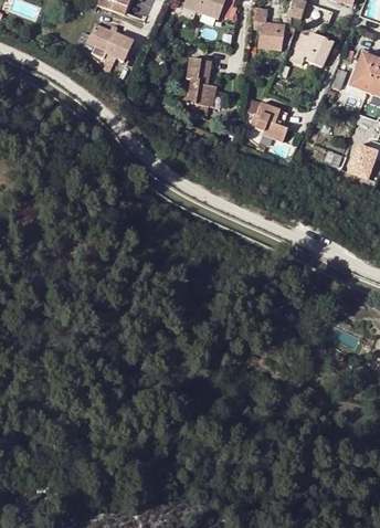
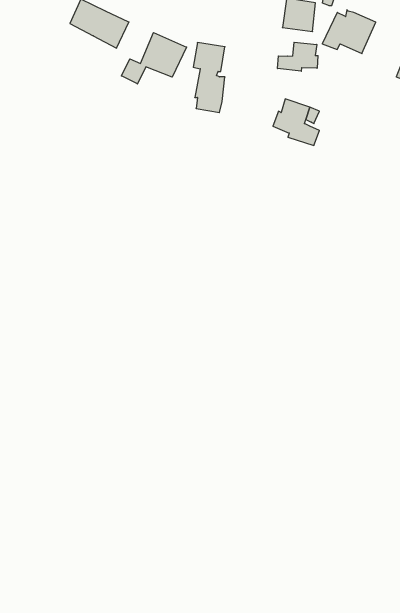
building: none -> [121,33,187,84]
building: none -> [278,42,318,71]

